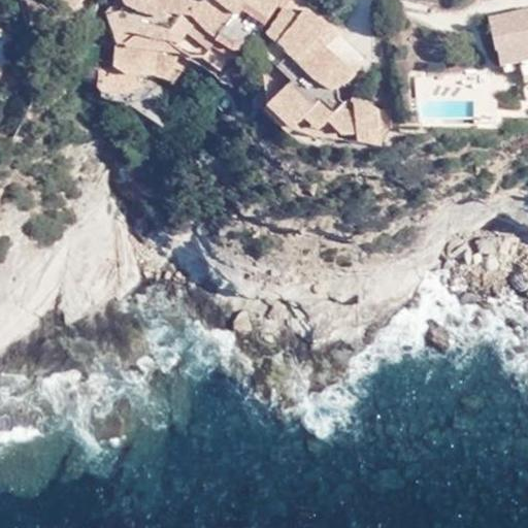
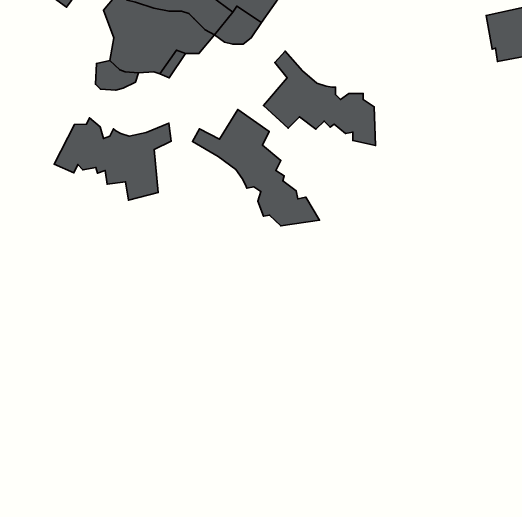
building: [267,4,356,88] -> none
building: none -> [192,109,319,226]
building: none -> [54,118,171,200]

